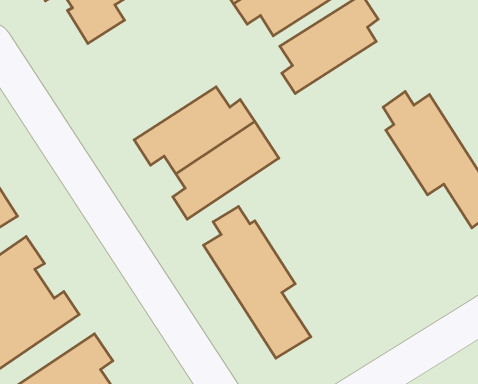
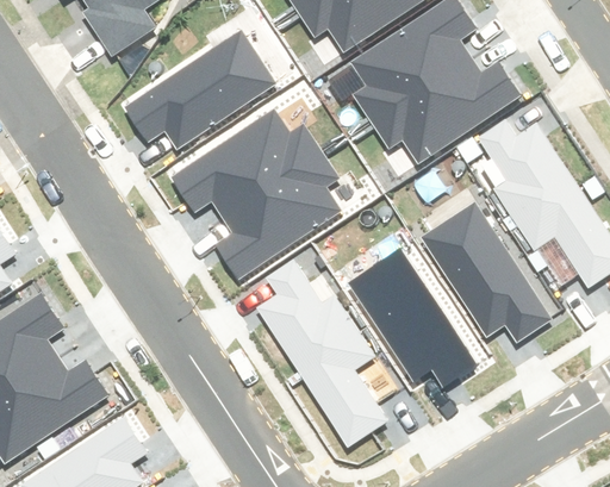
building: none -> [122,26,274,146]
building: none -> [371,57,519,161]
building: none -> [427,204,549,338]
building: none -> [351,250,472,394]

